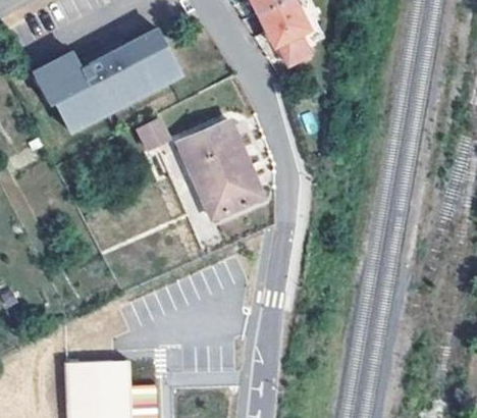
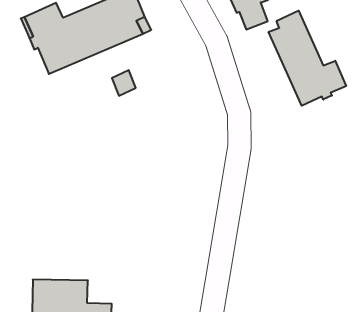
building: none -> [269,11,346,106]
building: [177,120,262,219] -> none

